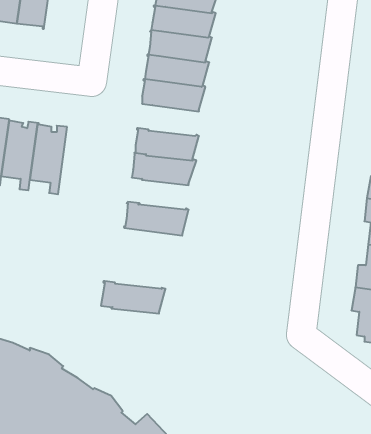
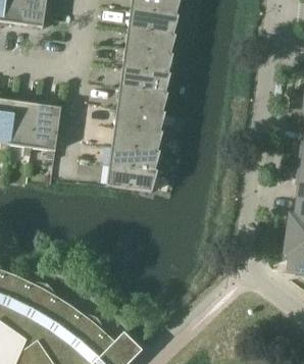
building: none -> [116,87,167,112]
building: [101,281,166,314] -> [108,145,159,170]

